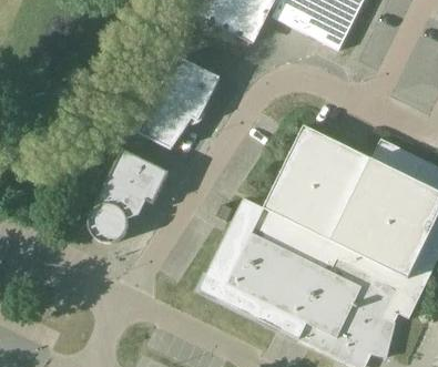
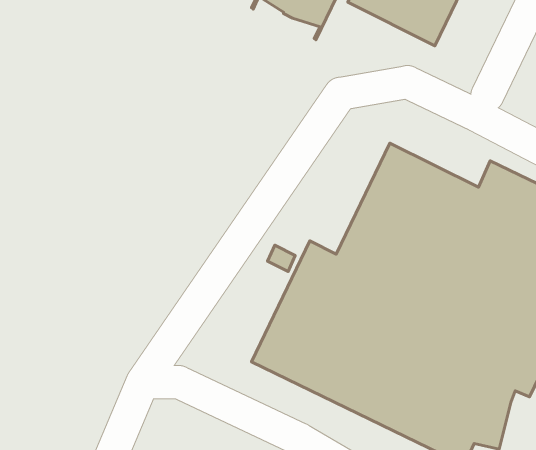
building: [137,55,220,150] -> none
building: [79,150,169,244] -> none

